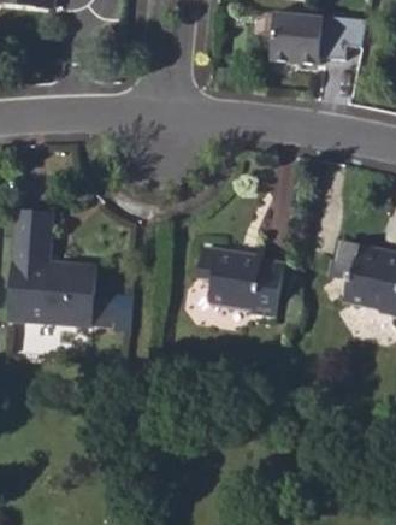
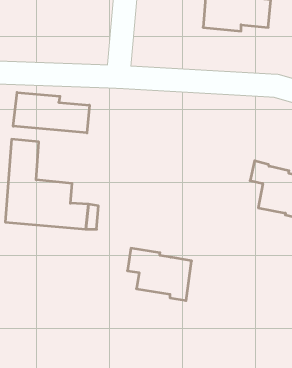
building: none -> [13,92,89,133]
building: [197,248,283,318] -> [127,248,192,301]

